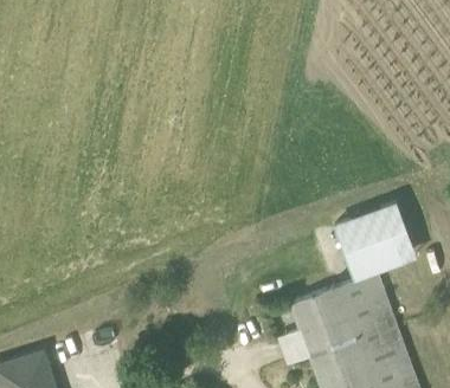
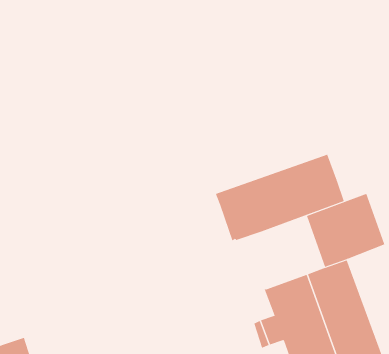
building: none -> [215,154,344,241]

